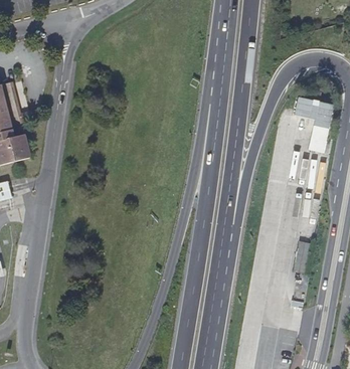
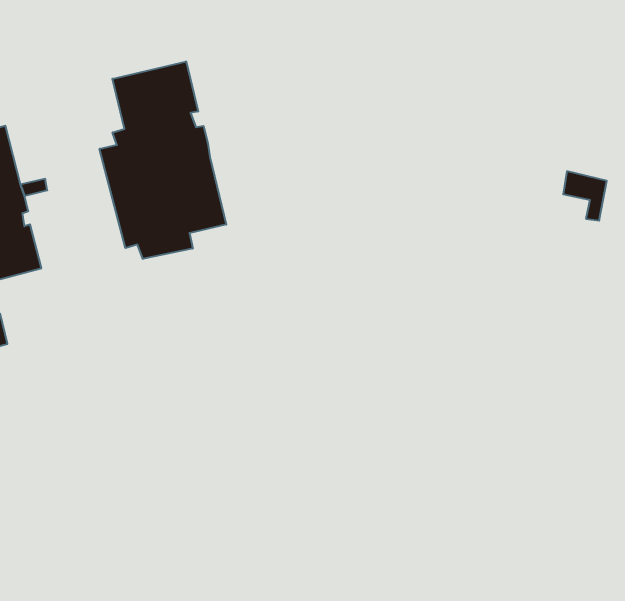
building: none -> [100,61,226,259]

